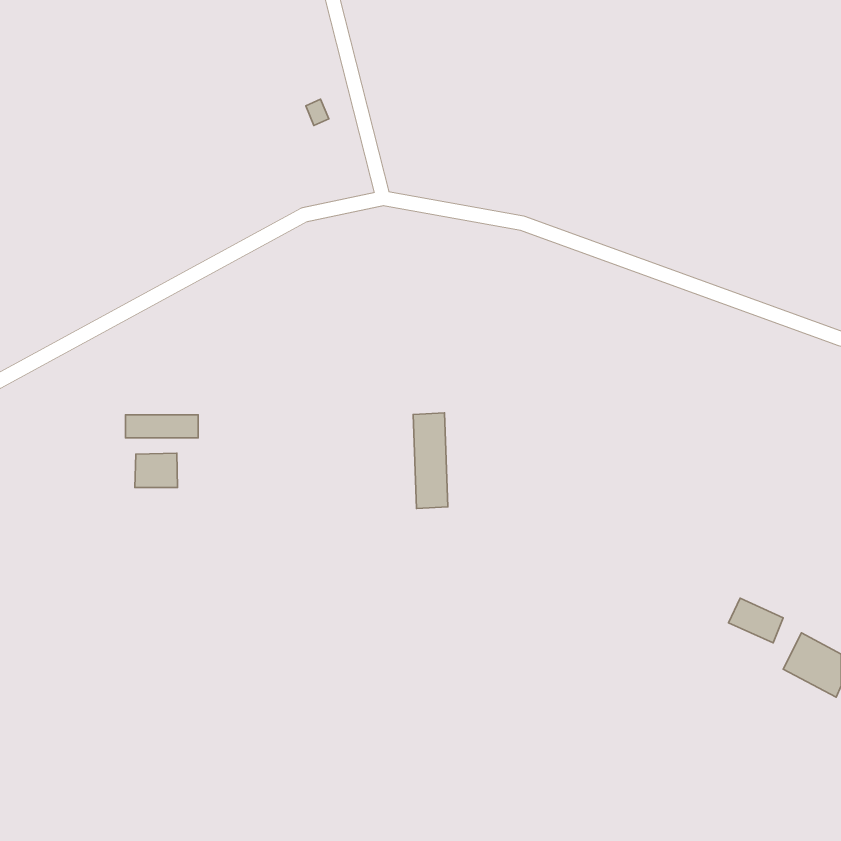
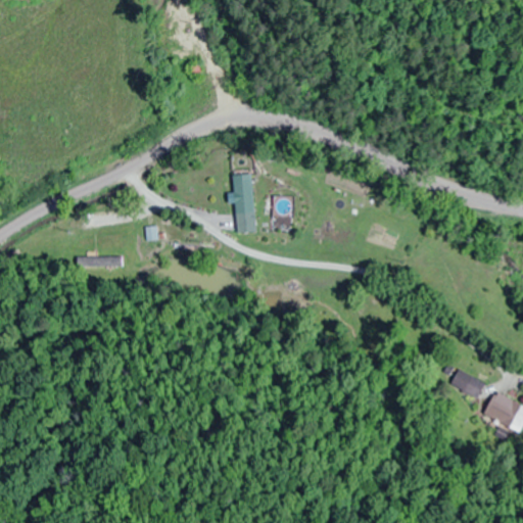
building: [413,413,448,509] -> [233,174,254,233]
building: [135,453,177,488] -> none

